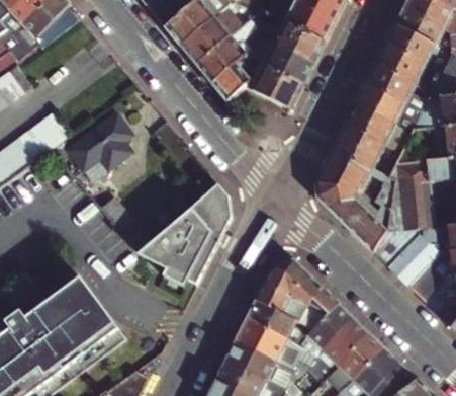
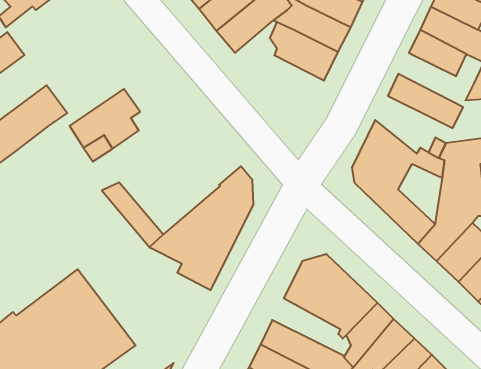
building: [214,56,251,102] -> none
building: [357,84,423,132] -> none
building: [337,122,388,172] -> none
building: [247,299,306,338] -> none

